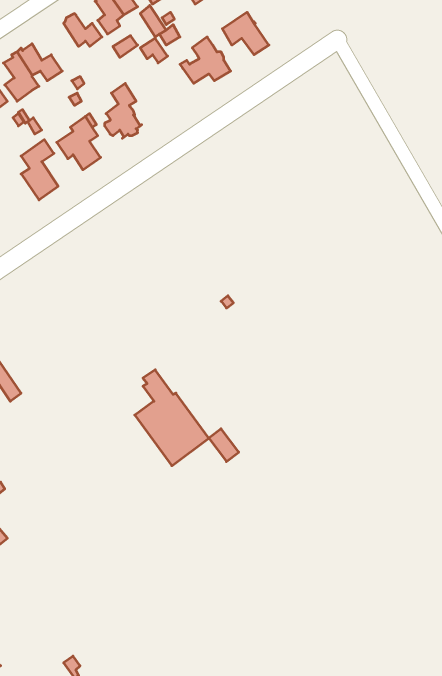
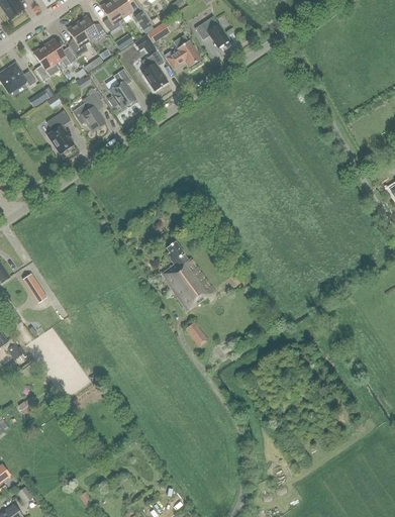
building: none -> [68,23,89,57]
building: none -> [141,50,168,90]
building: [135,370,209,466] -> [160,240,214,311]

